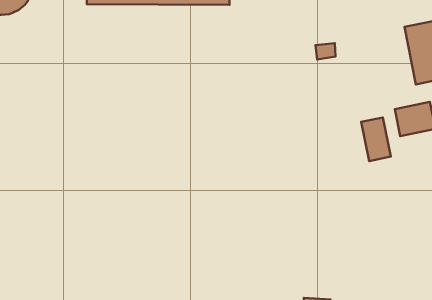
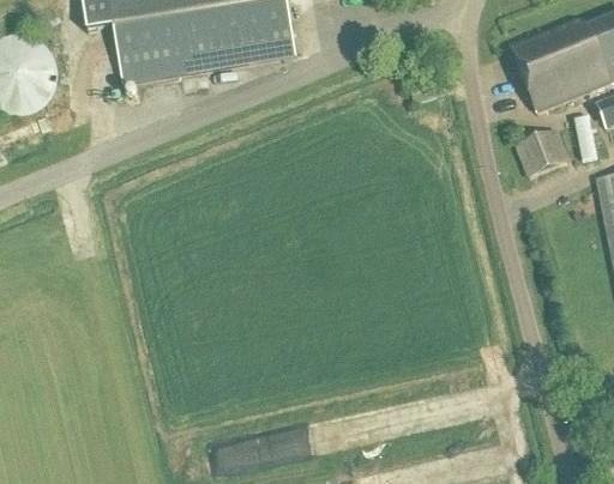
building: [361,118,391,161] -> none

